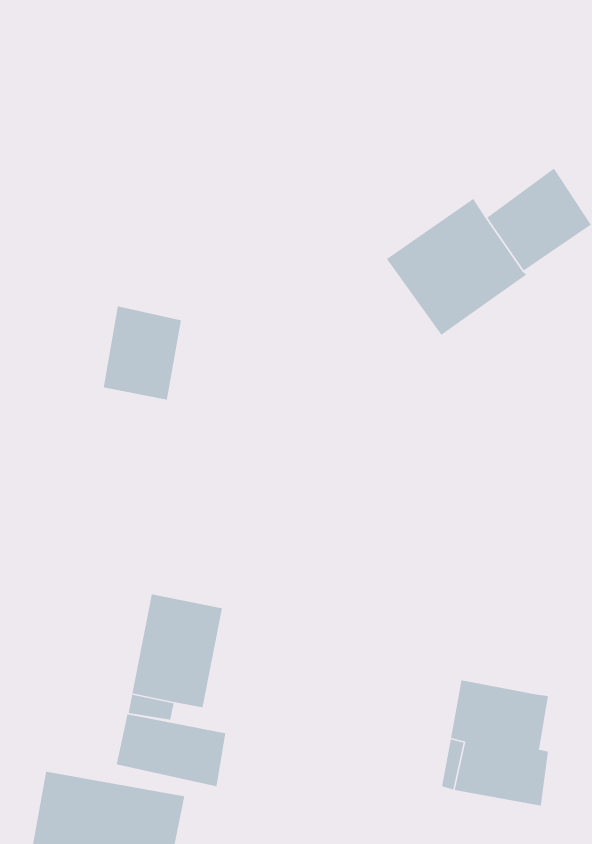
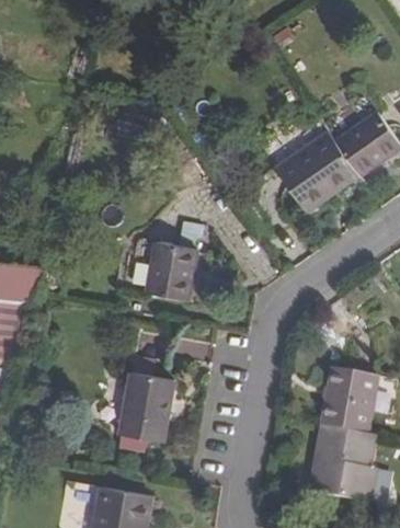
building: [103,306,182,400] -> [146,241,194,299]
building: none -> [319,368,375,433]
building: [116,713,226,787] -> none

